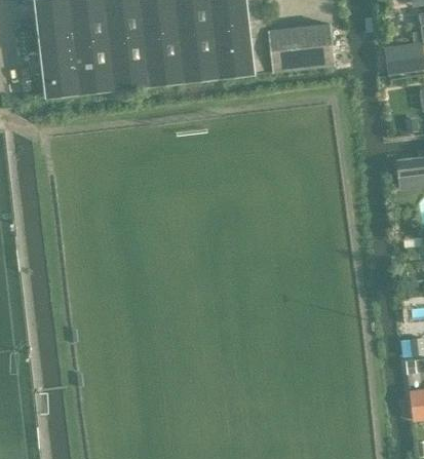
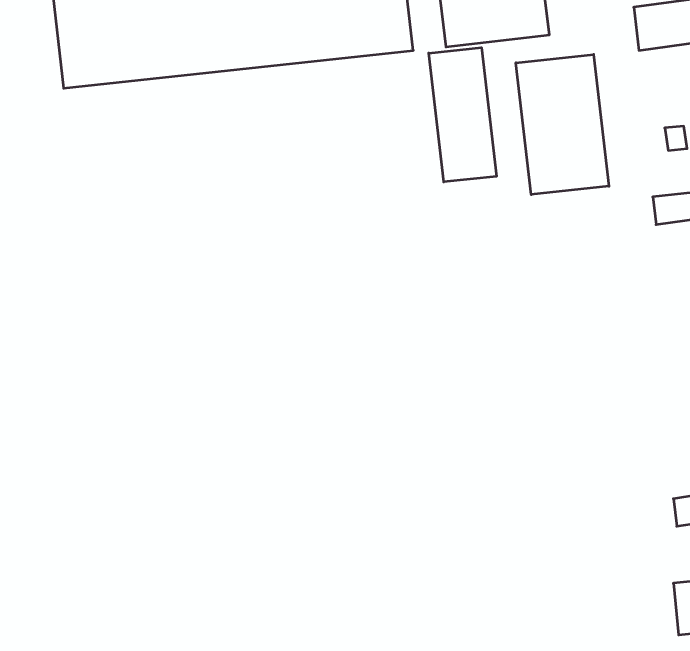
building: none -> [429,48,496,182]
building: none -> [516,54,609,195]

